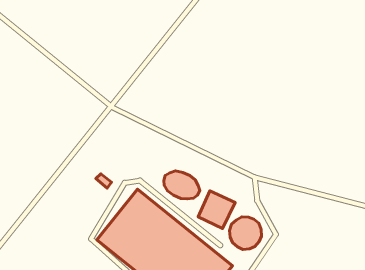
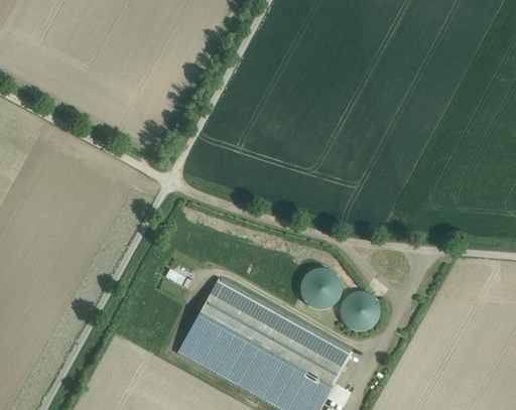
building: [164,171,200,199] -> none

